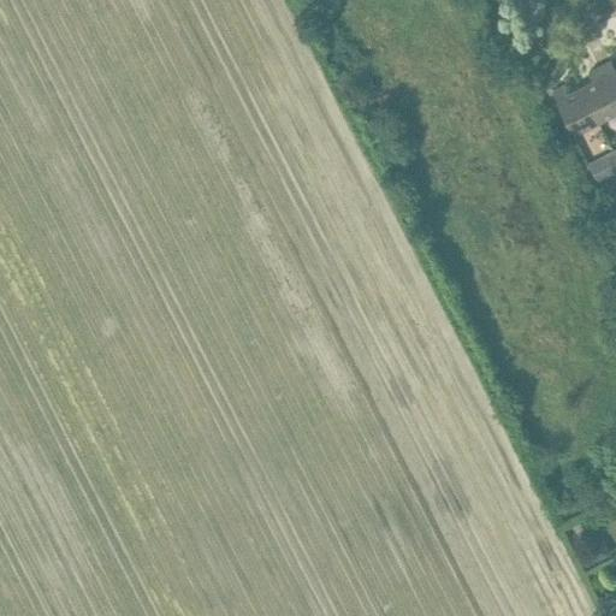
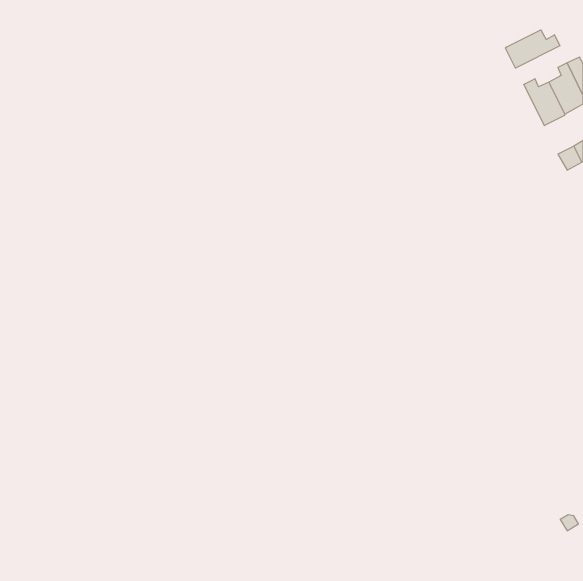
building: none -> [505,30,560,68]

